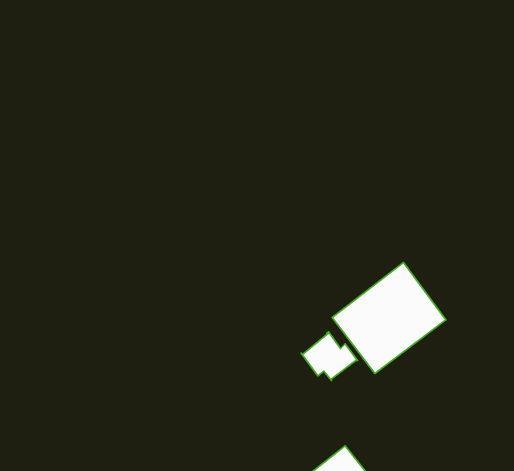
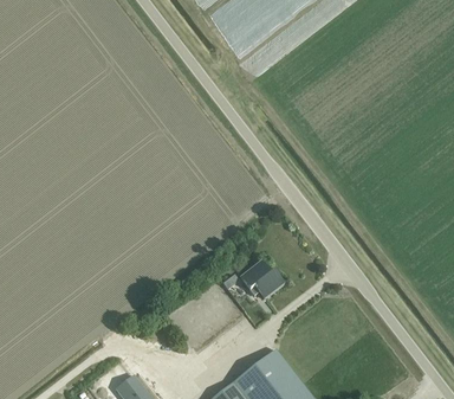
building: [332,262,446,373] -> none

